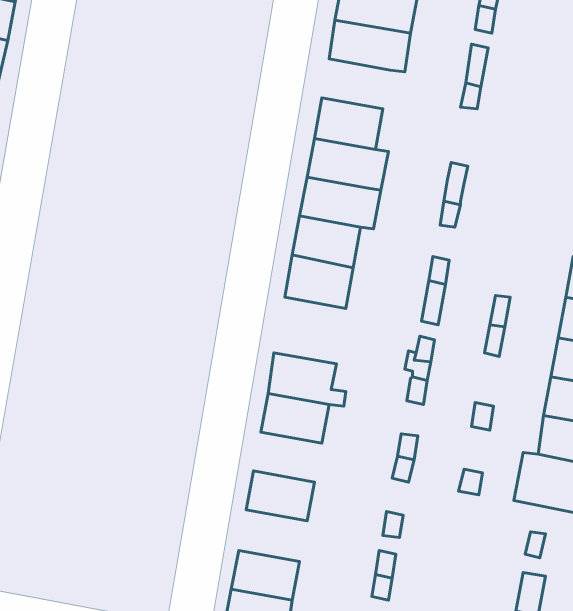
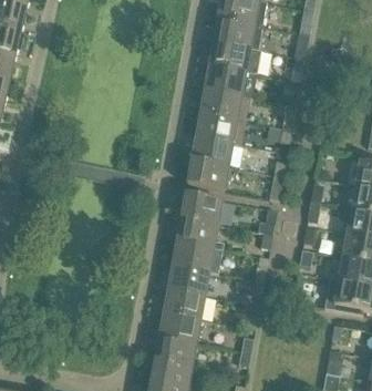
building: none -> [209,39,259,71]
building: none -> [180,191,223,222]
building: none -> [168,263,209,292]
building: none -> [159,309,200,340]

